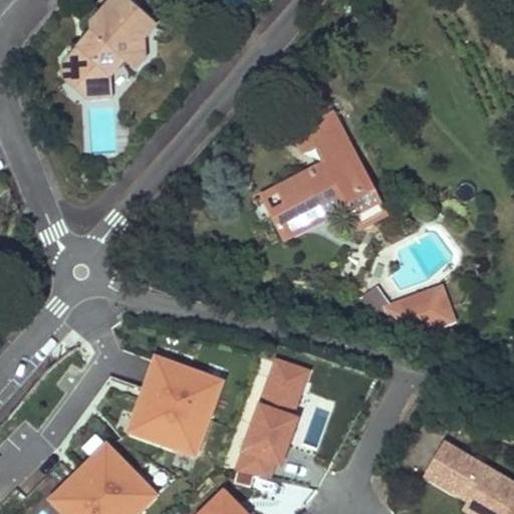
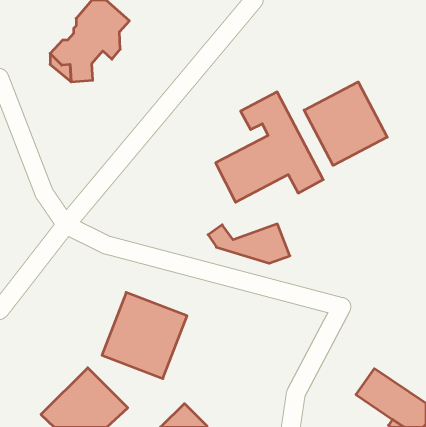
building: none -> [304,82,387,165]
building: [359,286,458,333] -> [208,224,290,263]
building: [242,357,309,479] -> none

